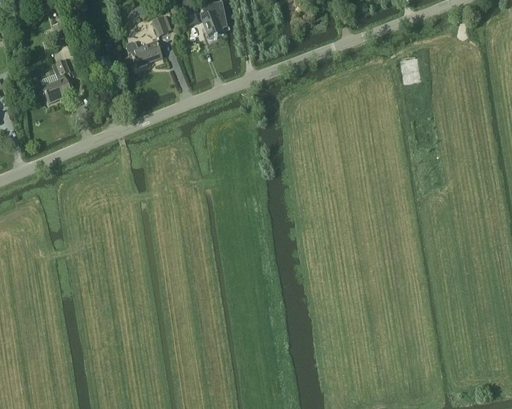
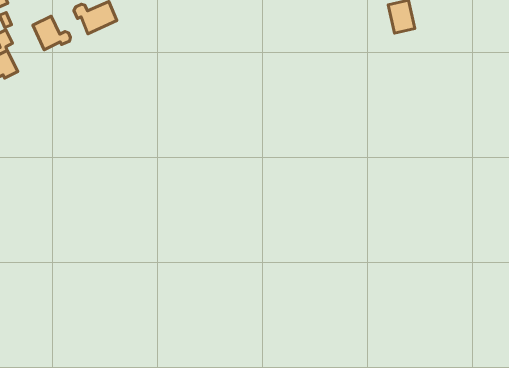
building: none -> [33,16,71,50]

